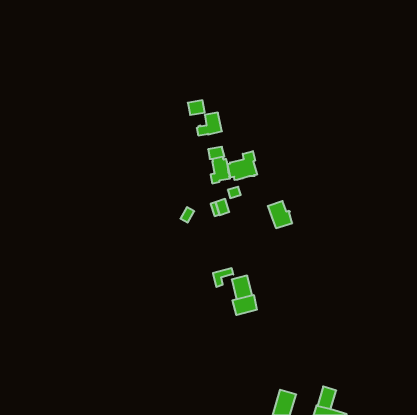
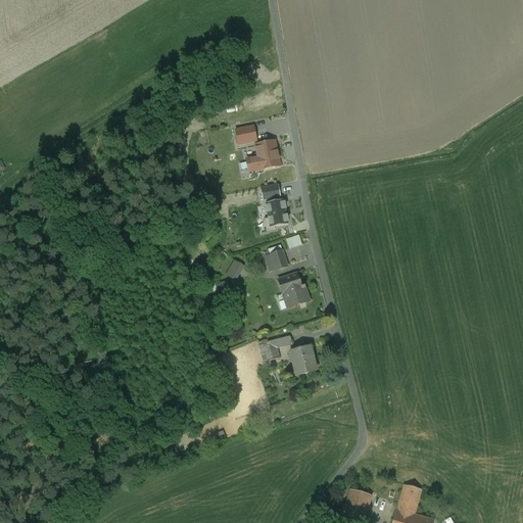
building: [227,151,257,180] -> none
building: [268,201,292,228] -> [278,273,308,306]
building: [232,295,257,315] -> none

